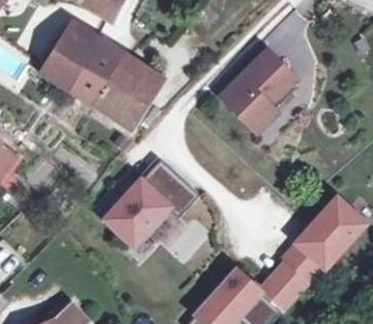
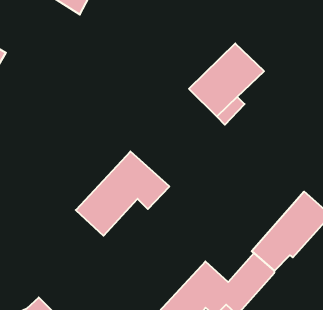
building: [39,27,160,130] -> none

